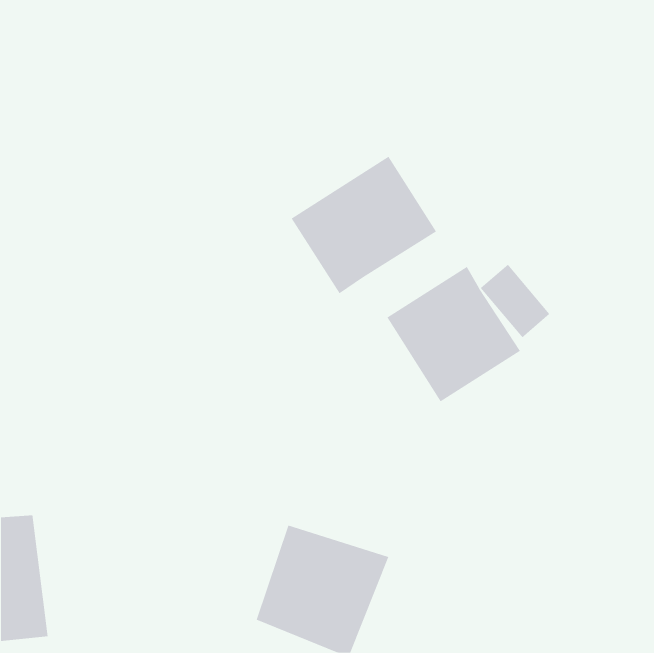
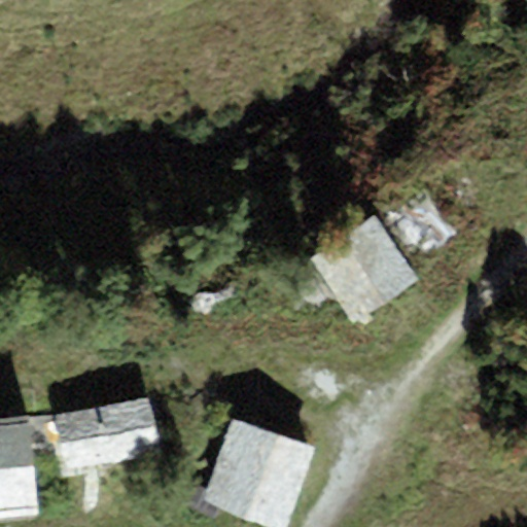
building: [291,156,437,294] -> none
building: none -> [55,396,162,471]

